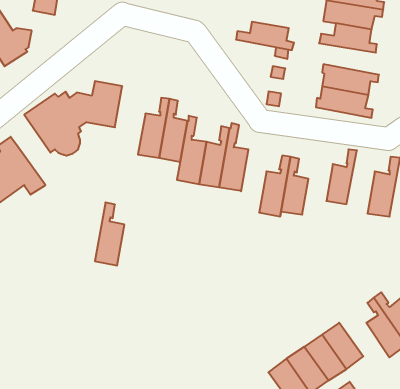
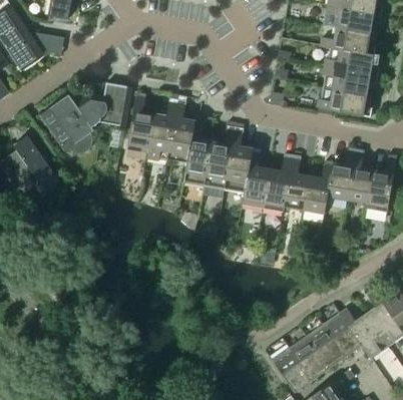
building: [236,22,294,50] -> [324,50,379,77]
building: none -> [242,148,270,209]
building: none -> [346,149,373,210]
building: none -> [304,161,333,215]
building: [95,202,124,266] -> [126,93,154,153]
building: none -> [339,309,387,359]

